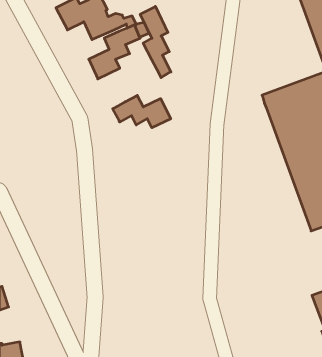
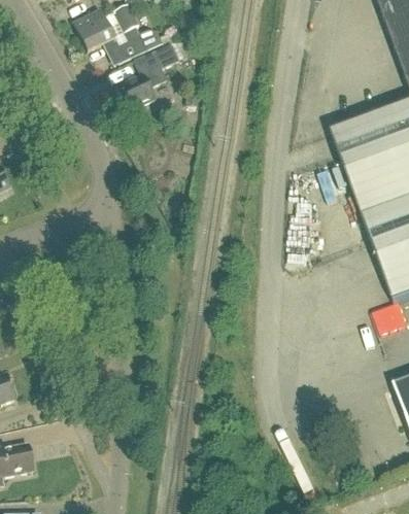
building: [140,6,171,78] -> none
building: [113,95,171,128] -> none

